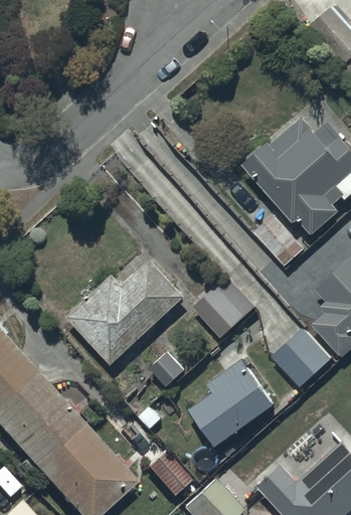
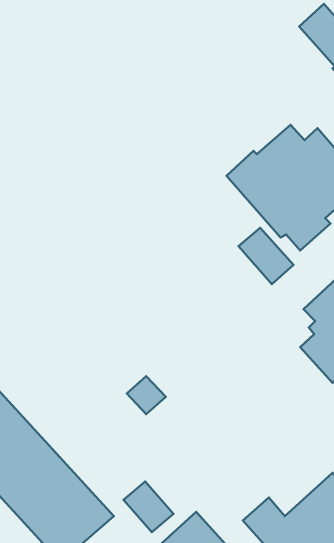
building: [67,259,187,365] -> none
building: [198,276,255,338] -> none
building: [271,328,331,387] -> none
building: [189,359,275,447] -> none

